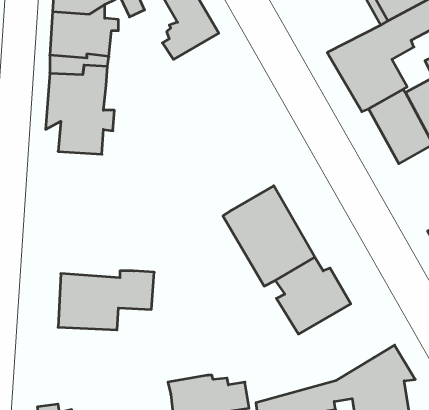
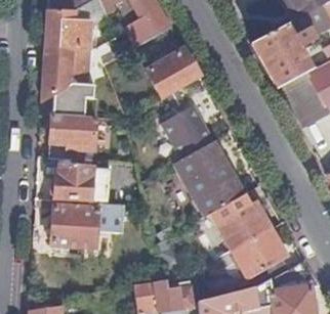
building: none -> [146,48,200,99]
building: none -> [161,104,212,159]
building: none -> [48,115,100,159]
building: none -> [53,166,110,204]
building: none -> [231,228,287,285]

